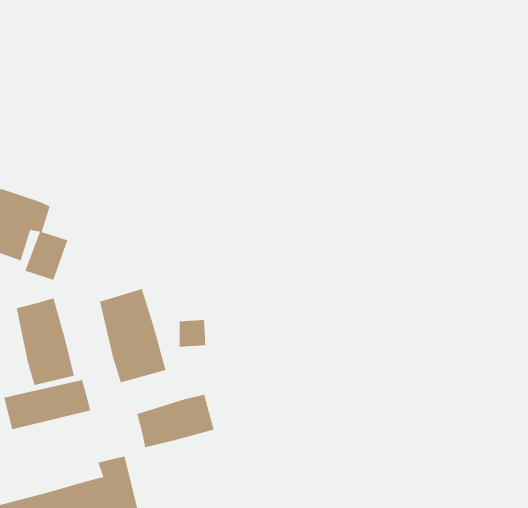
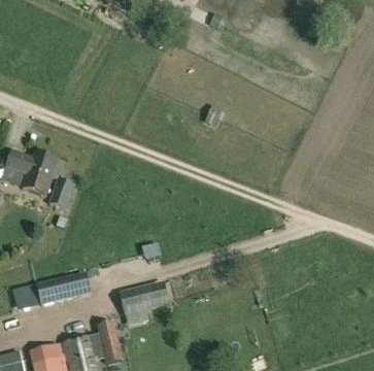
building: [99,288,166,383] -> none
building: [16,297,75,386] -> none

